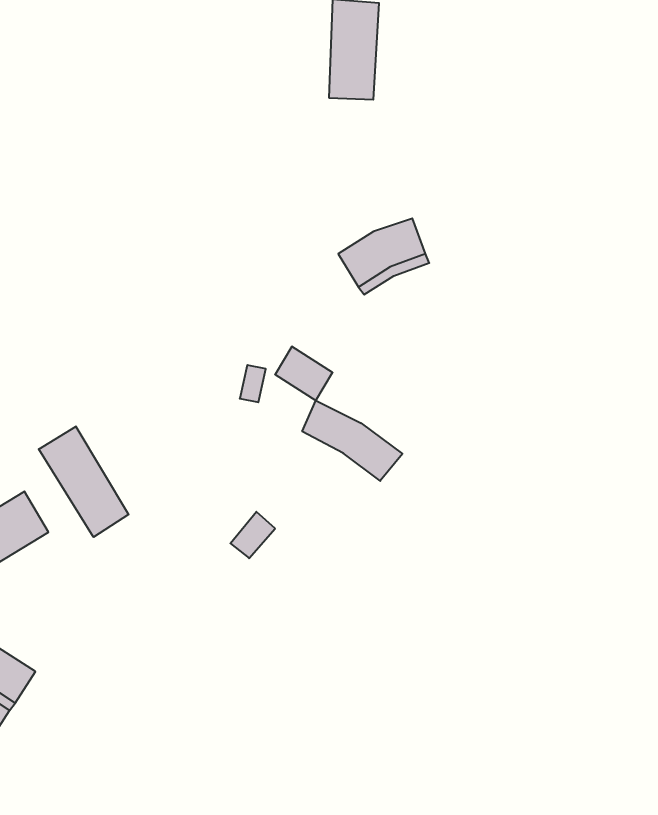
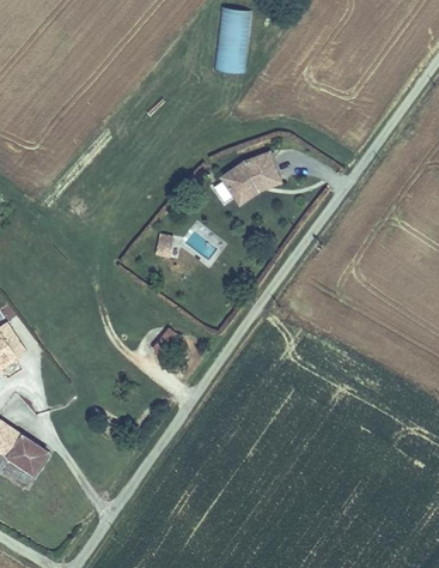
building: [302,400,402,481] -> none
building: [39,426,129,537] -> none
building: none -> [13,439,49,473]

